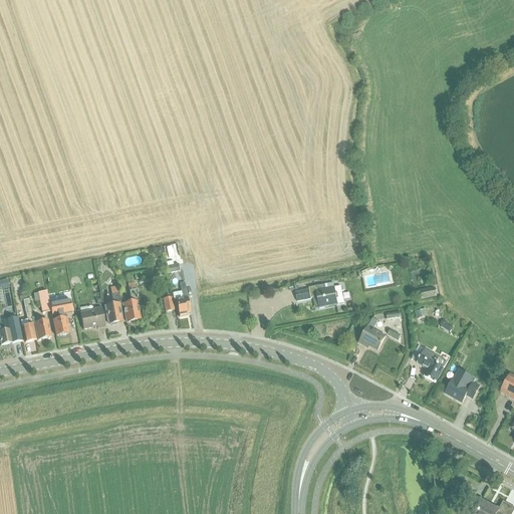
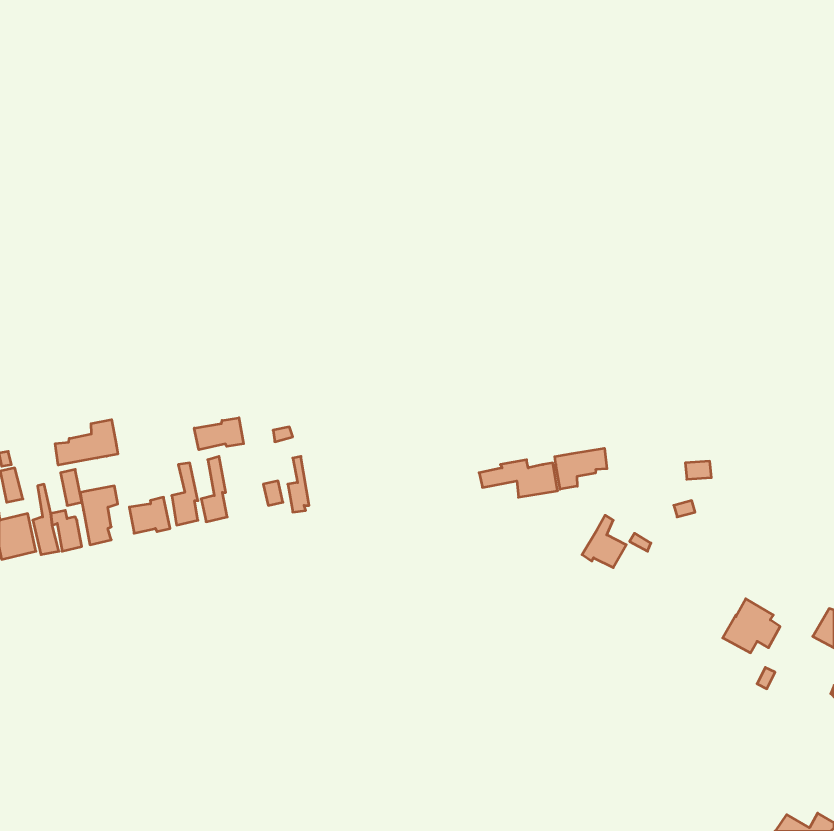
building: none -> [194,418,244,450]
building: none -> [55,420,118,465]
building: none -> [555,448,607,489]
building: [416,347,446,380] -> none

